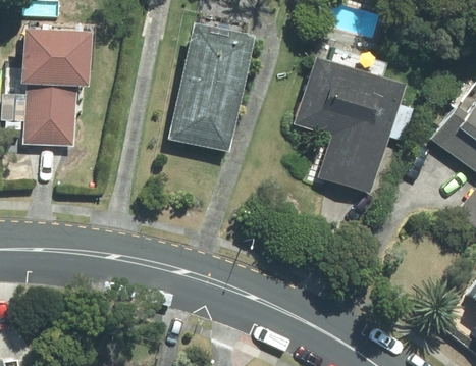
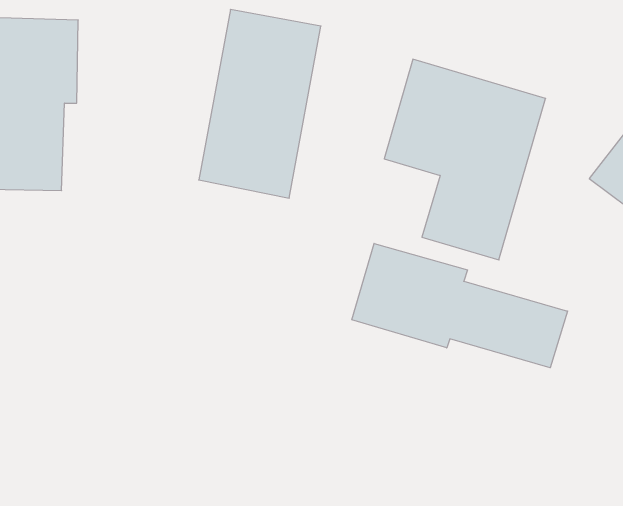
building: none -> [352,243,568,368]

